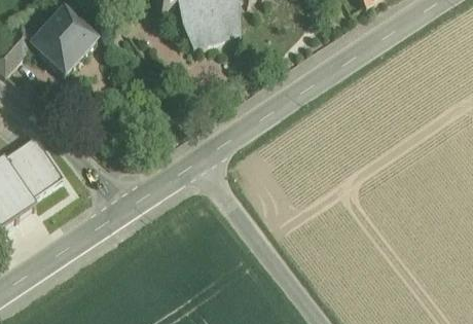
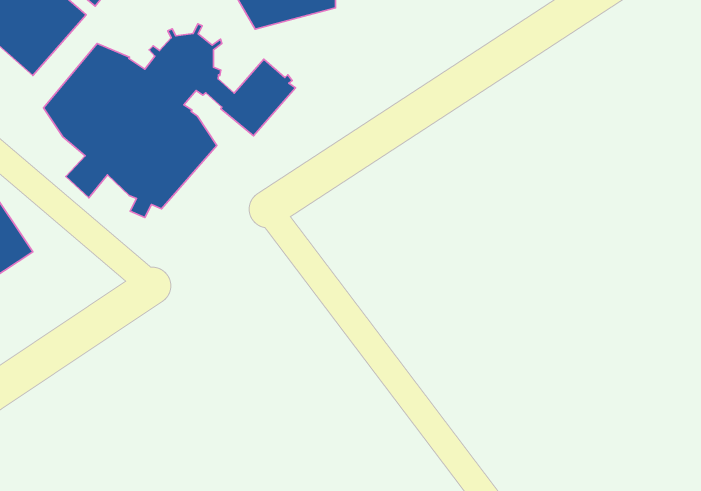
building: none -> [44,24,296,217]

